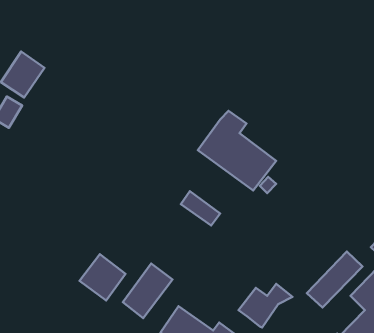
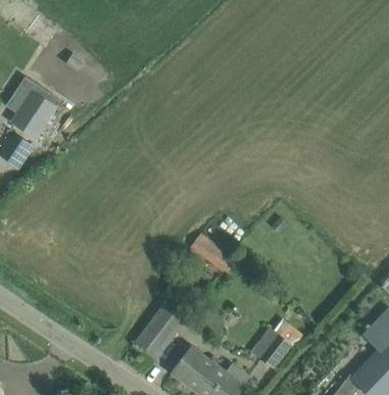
building: [198,111,276,190] -> none
building: [307,251,362,307] -> none
building: [79,254,125,300] -> none

